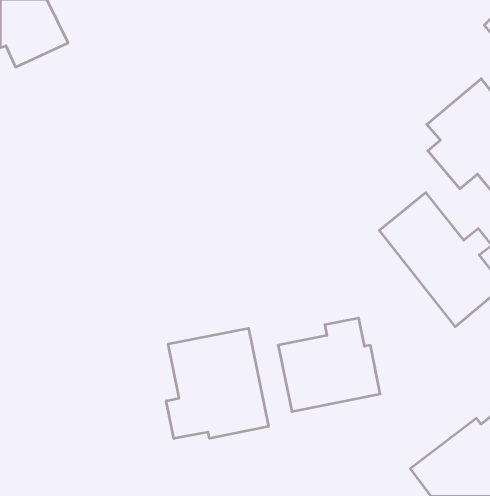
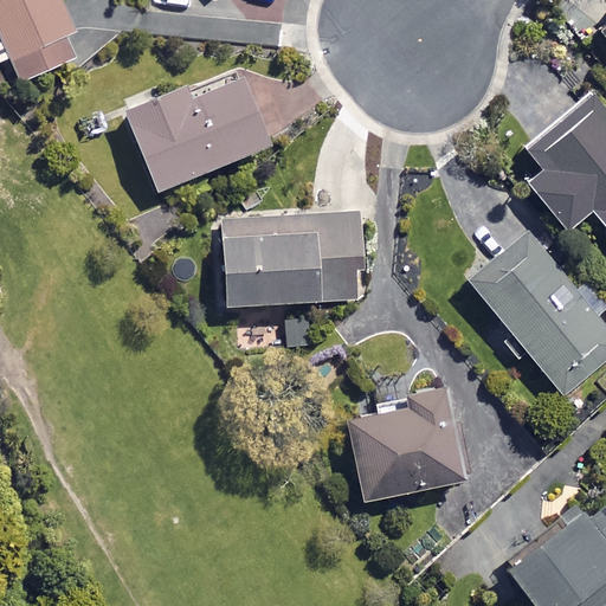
building: none -> [127,76,269,192]
building: none -> [221,213,365,305]
building: [166,328,268,439] -> none

